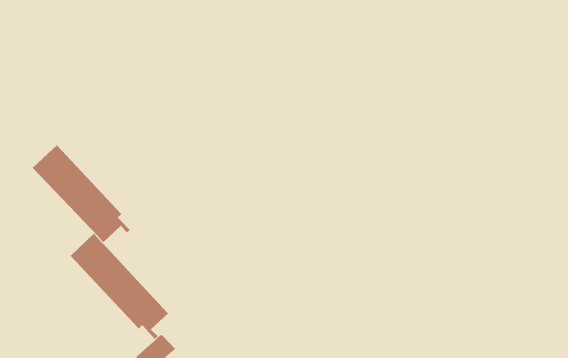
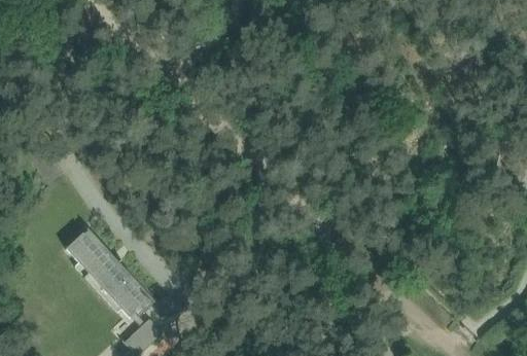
building: [32,145,131,243] -> none

